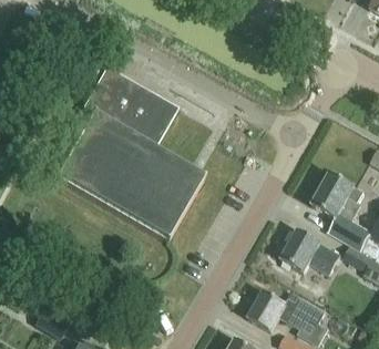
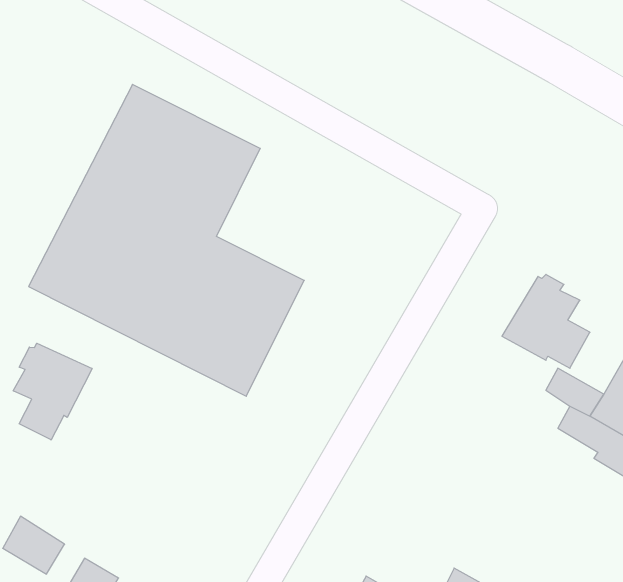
building: none -> [13,343,92,440]
building: [281,228,339,273] -> none
building: [248,290,325,330] -> none

